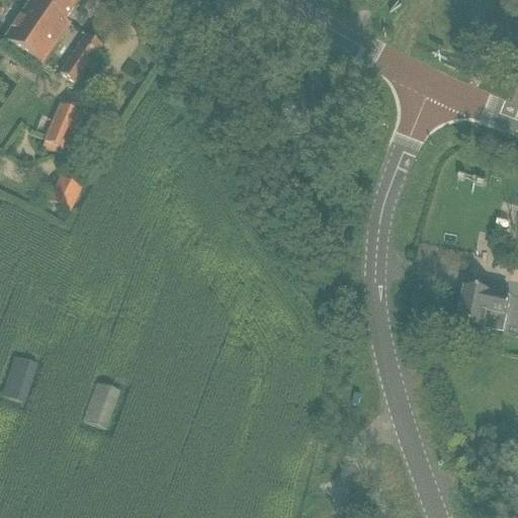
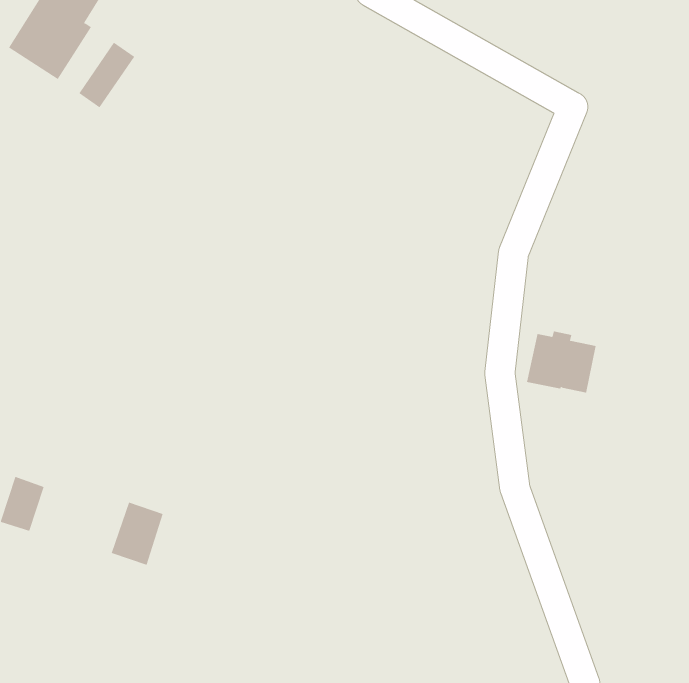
building: [44,101,80,152] -> none
building: [49,171,81,204] -> none
building: [458,282,511,329] -> [526,331,596,393]

